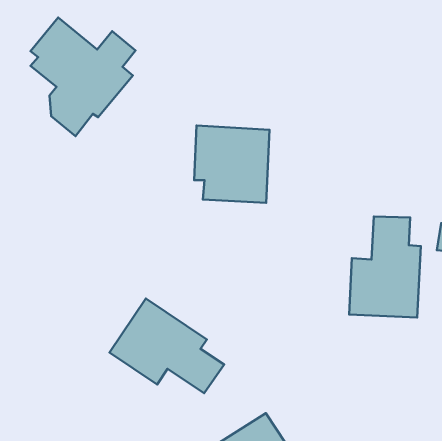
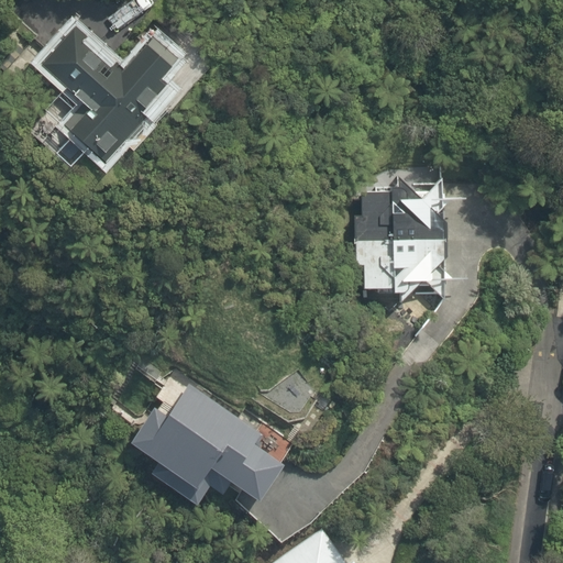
building: [194,126,270,203] -> [346,192,442,290]
building: [349,216,421,318] -> none

